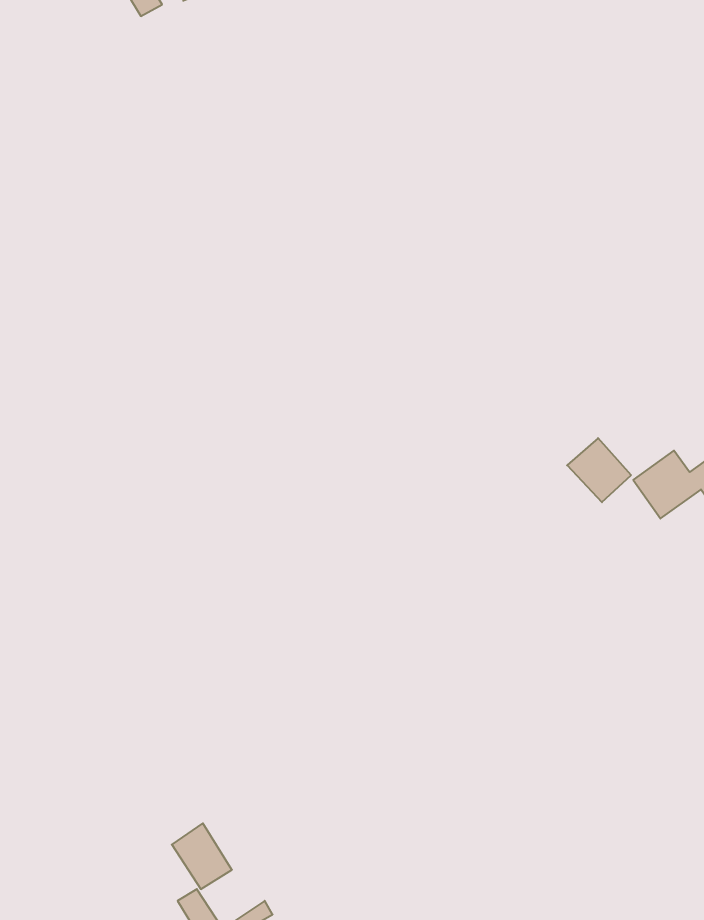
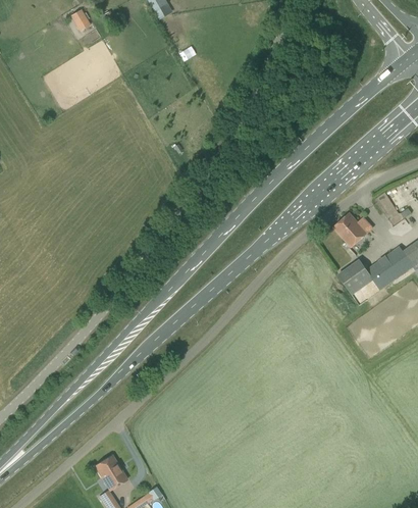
building: [567,438,631,502] -> [334,212,368,246]

